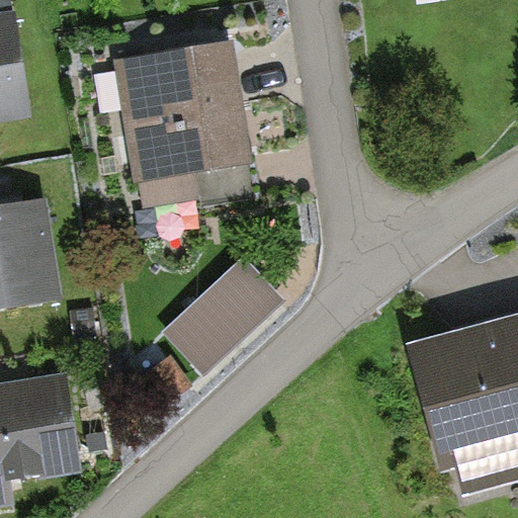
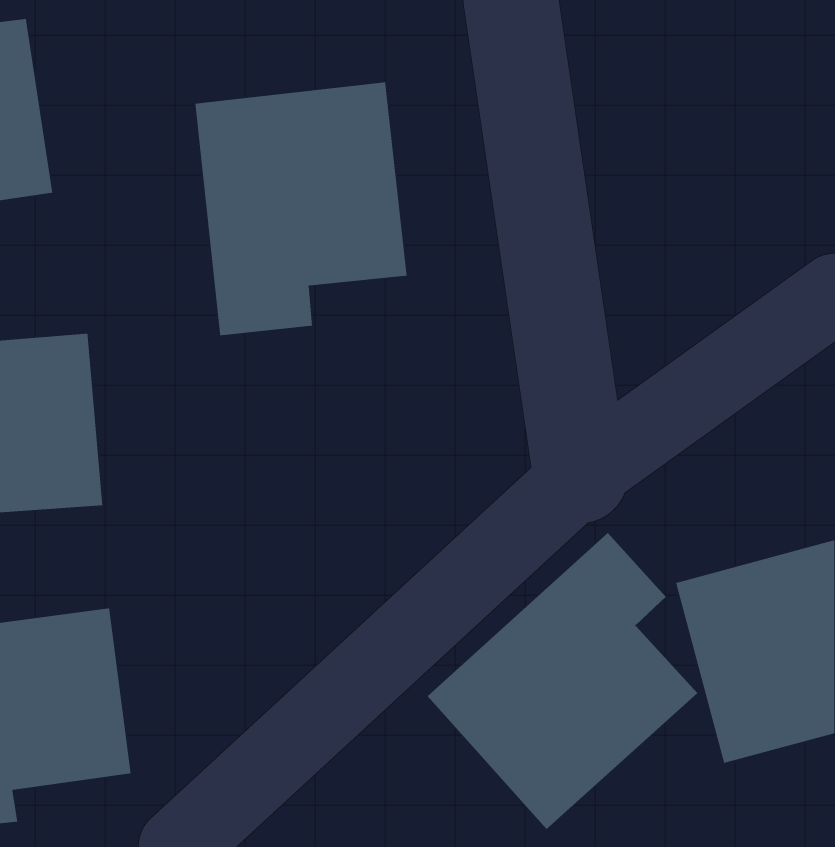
building: [161,255,281,371] -> none
building: none -> [427,532,698,830]

